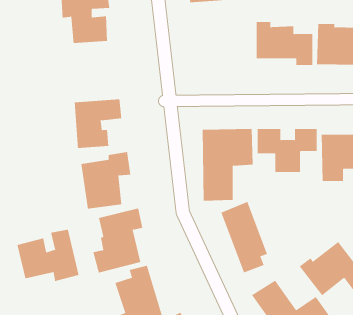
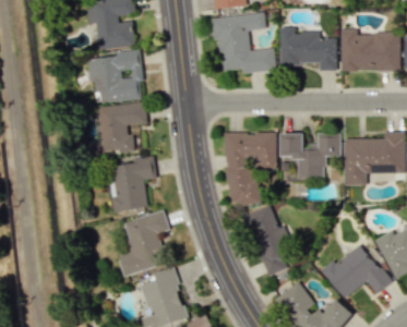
building: none -> [211,13,276,74]
building: none -> [86,50,143,104]
building: [17,229,79,282] -> none

